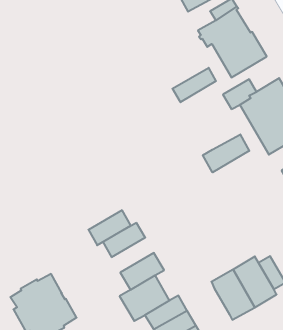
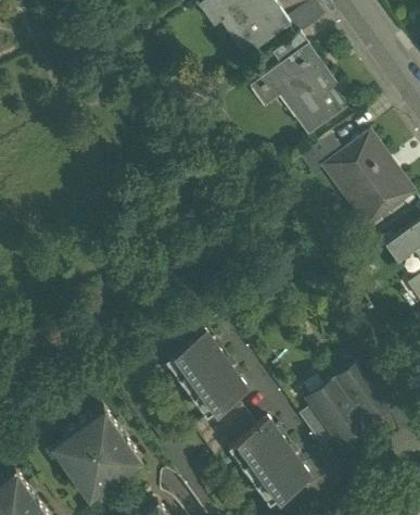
building: [172,68,216,102] -> none
building: [203,134,249,172] -> none
building: [88,210,131,245] -> [179,349,232,397]
building: none -> [300,404,336,447]

